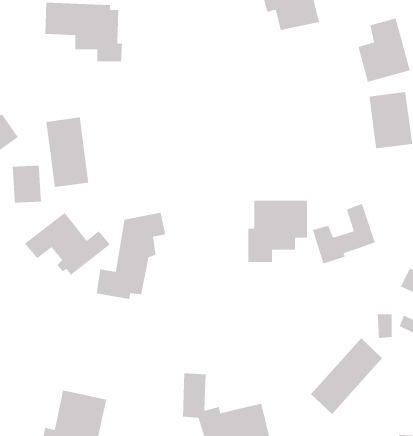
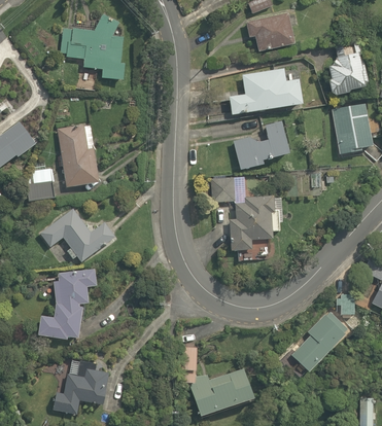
building: none -> [228,68,302,114]
building: none -> [210,179,234,202]
building: [312,203,376,265] -> [234,118,288,171]
building: [96,212,166,300] -> [37,265,97,341]

